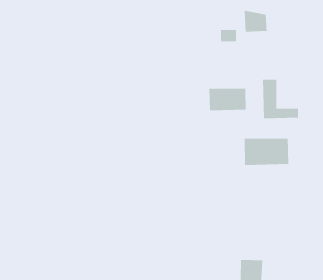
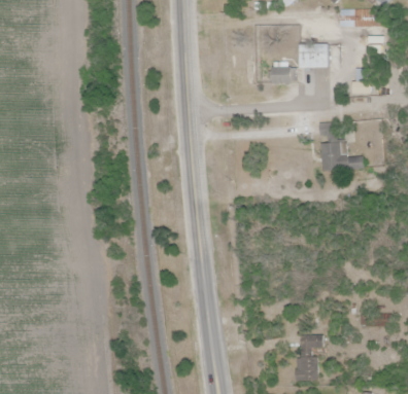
building: [208,88,247,111] -> none
building: [244,138,289,166] -> none

